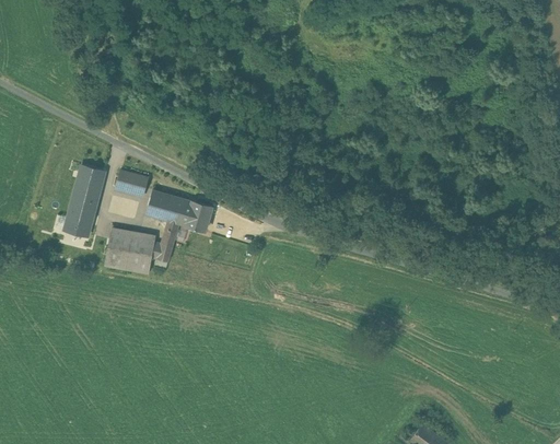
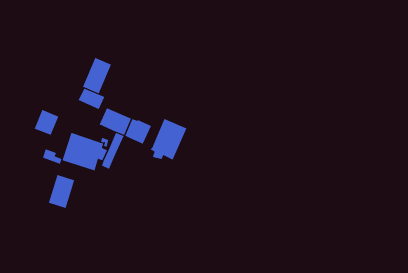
building: [71,164,105,210] -> [82,57,112,94]
building: none -> [150,118,187,160]
building: none -> [48,174,75,209]

